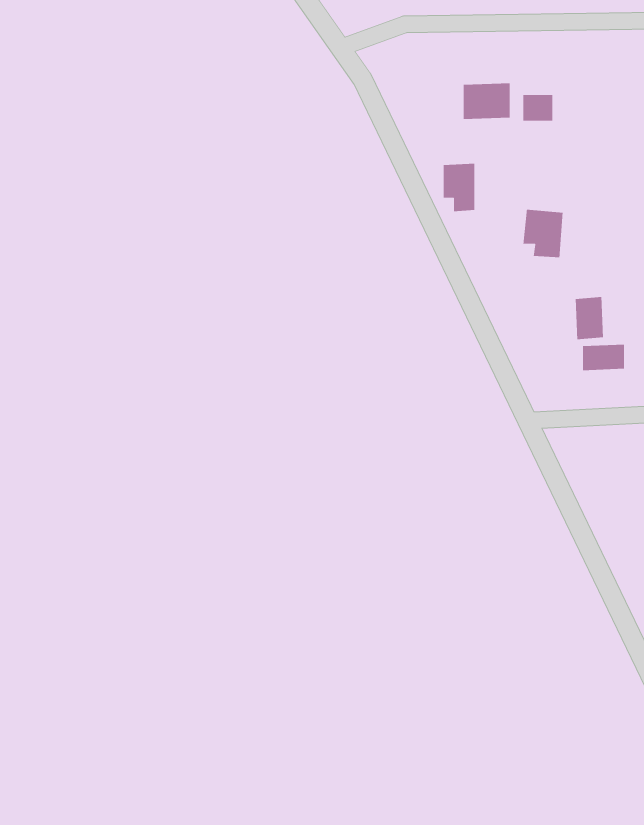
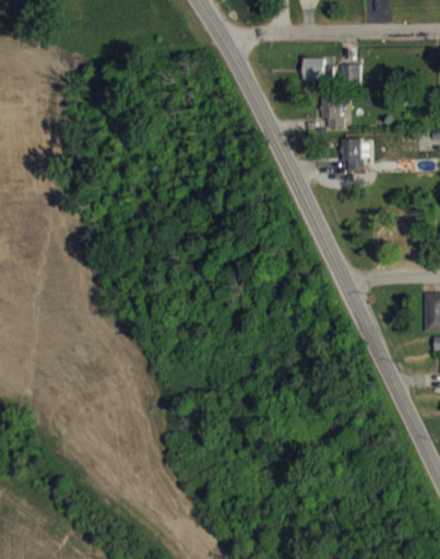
building: [443,163,475,212] -> [321,97,342,129]
building: [575,296,604,340] -> none

